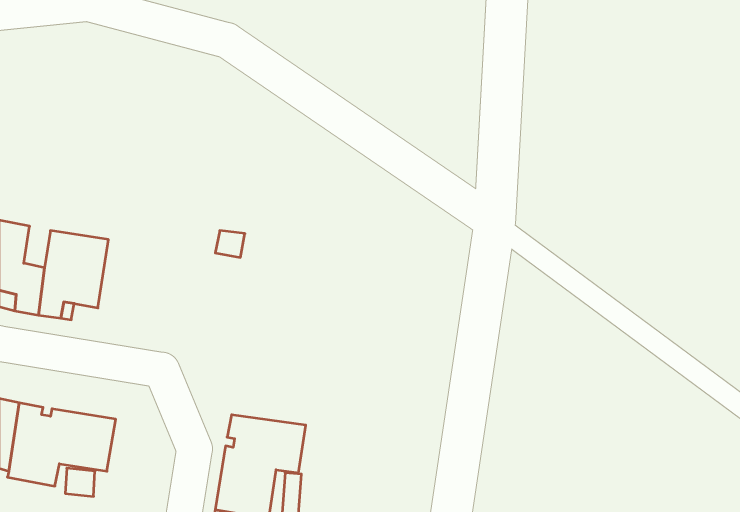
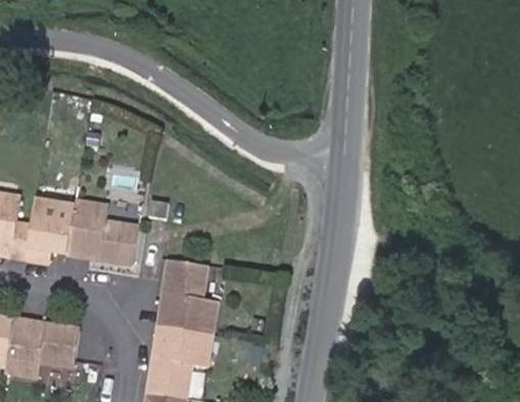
building: none -> [67,202,138,263]
building: none -> [159,259,216,334]

